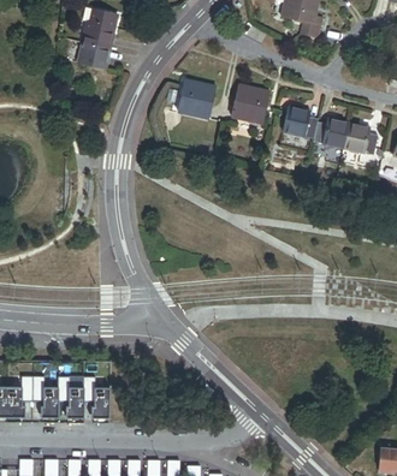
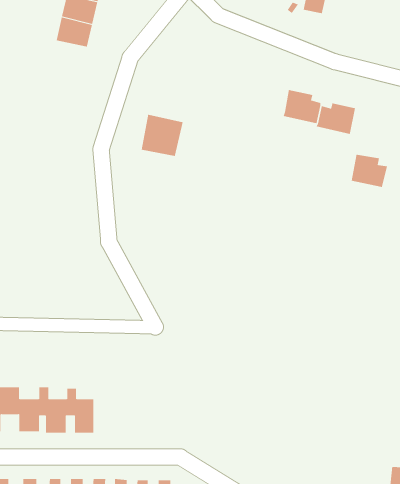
building: [177,79,215,118] -> [141,114,183,157]
building: [230,84,268,124] -> none
building: [343,124,377,154] -> [351,154,388,187]

